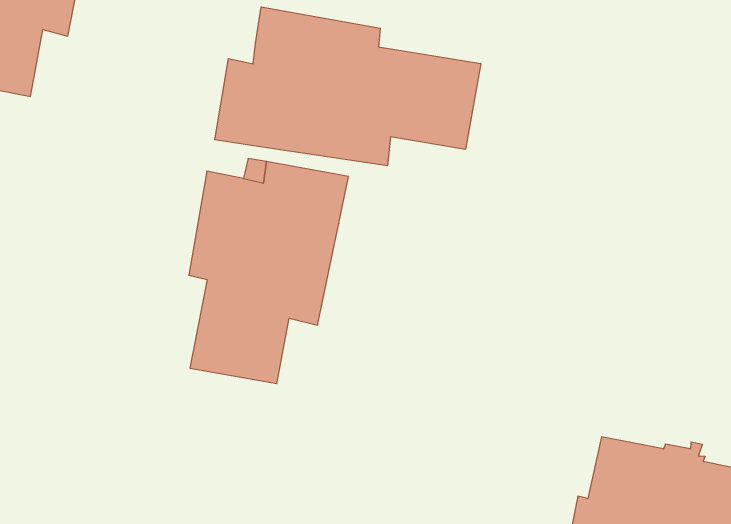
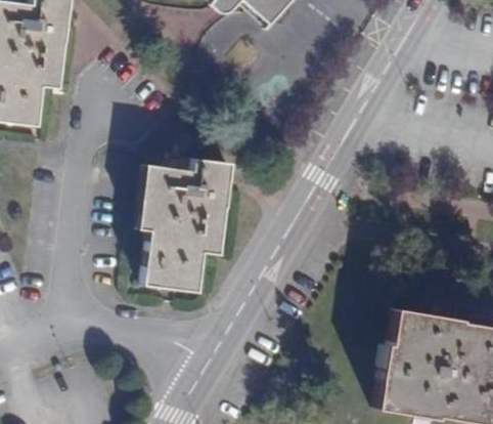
building: [215,7,481,166] -> none

